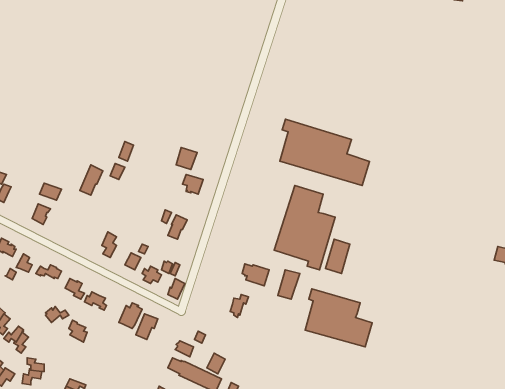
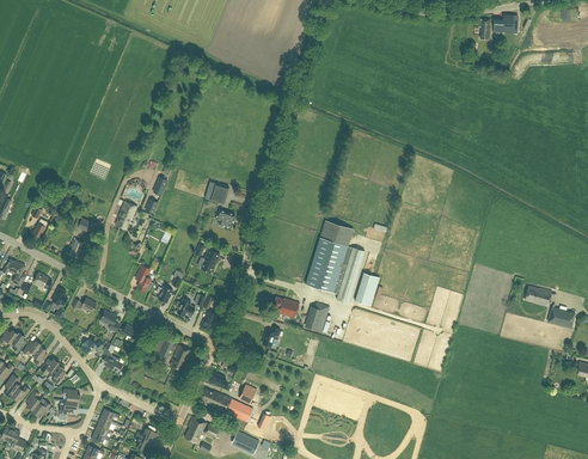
building: [280,119,369,185] -> none
building: [305,289,372,347] -> none

